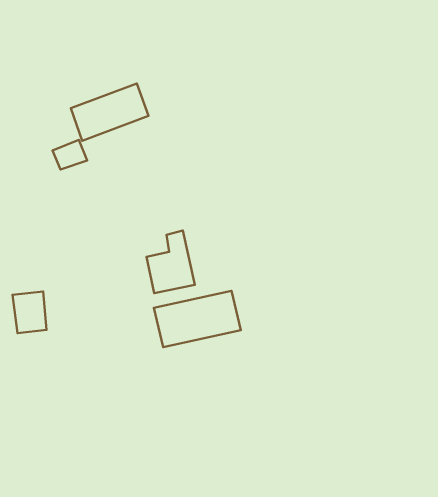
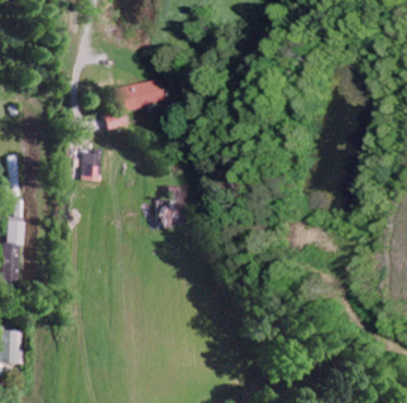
building: [154,291,241,347] -> none
building: [13,291,47,333] -> [81,152,104,180]

